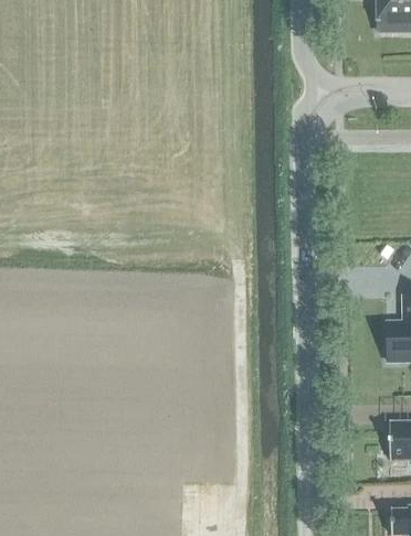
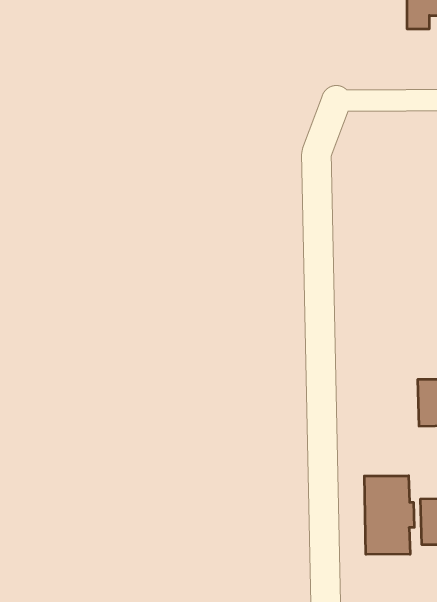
building: none -> [364,476,414,554]

